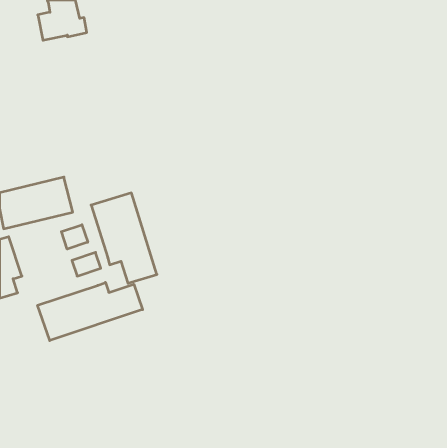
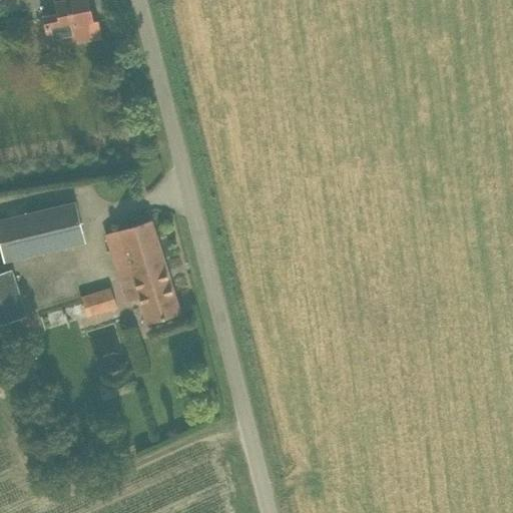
building: [61,225,88,249] -> none
building: [38,282,143,341] -> none

